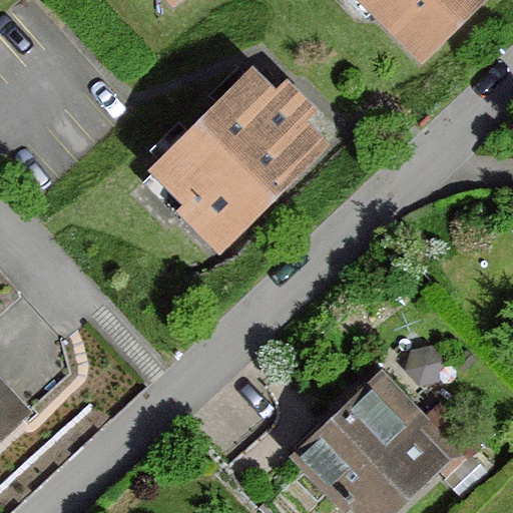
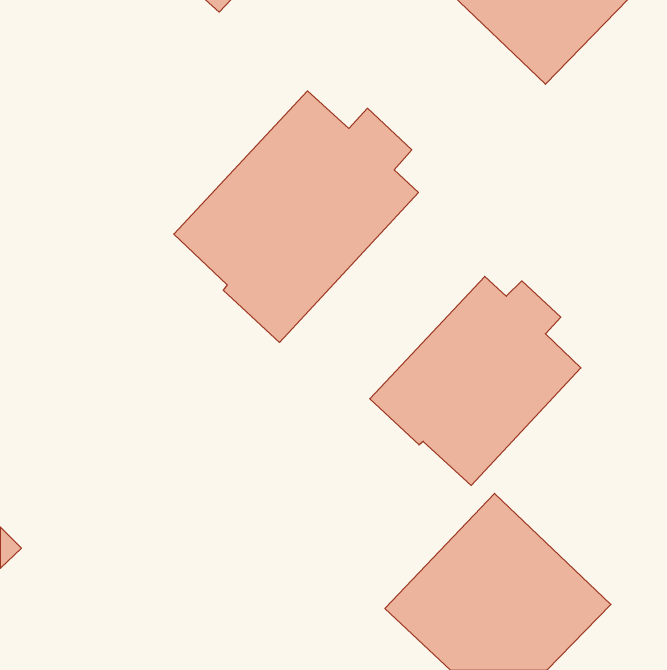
building: none -> [370,276,581,485]

